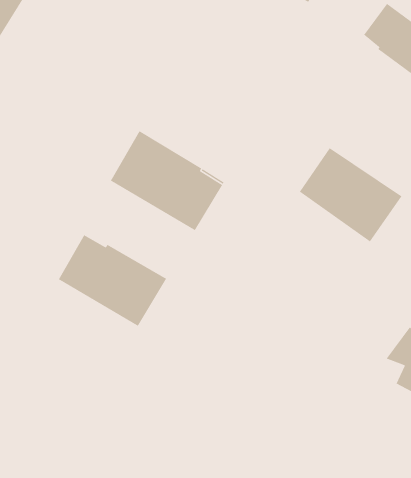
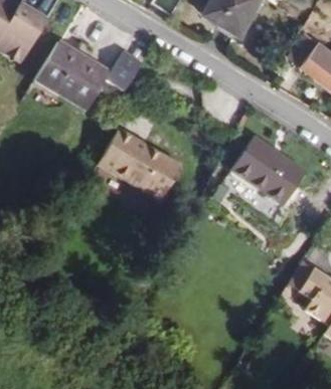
building: none -> [34,41,142,110]
building: [58,234,167,327] -> none

